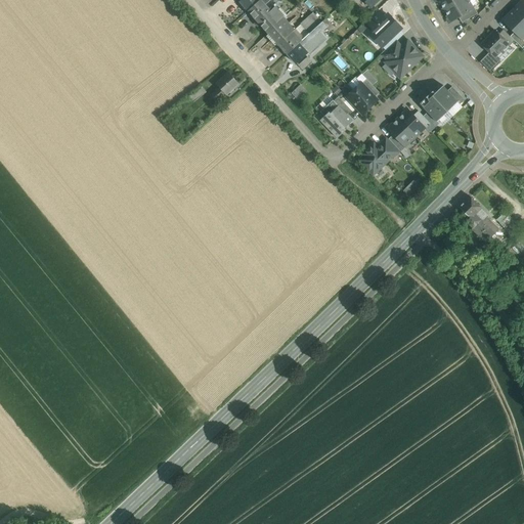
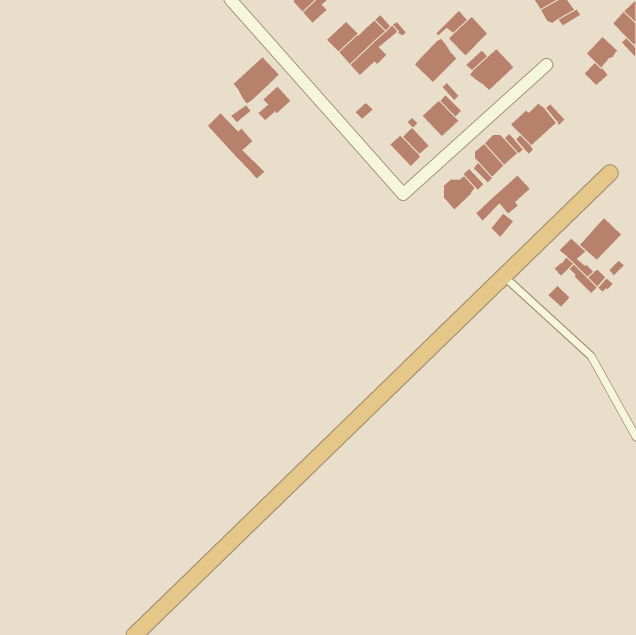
building: [257,4,285,33] -> none
building: none -> [414,38,457,83]
building: none -> [233,57,279,105]
building: none -> [207,112,265,179]
building: none -> [475,175,530,221]
building: none -> [579,218,622,261]

